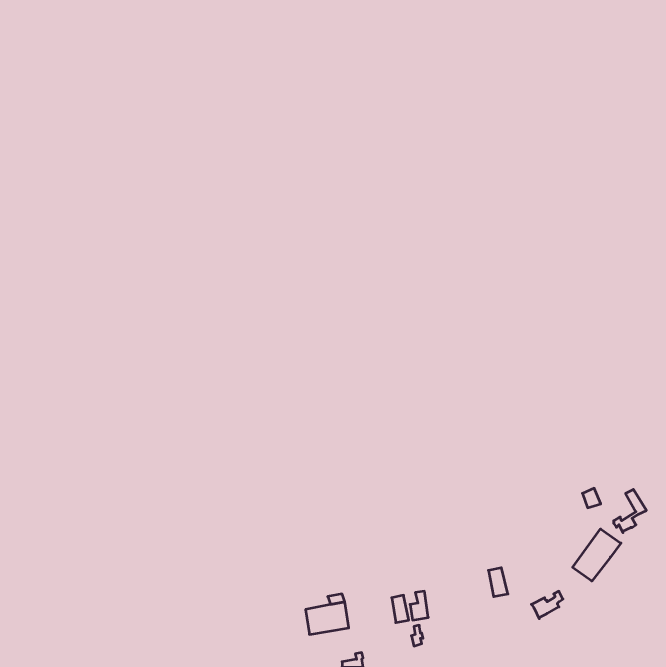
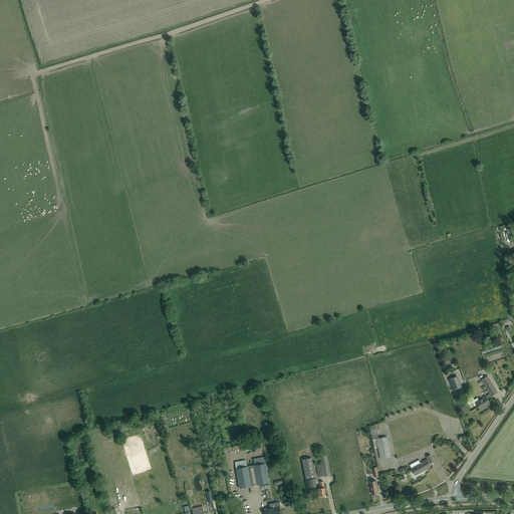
building: [573,529,621,581] -> none

